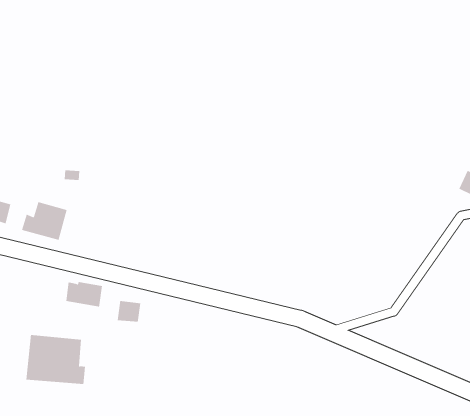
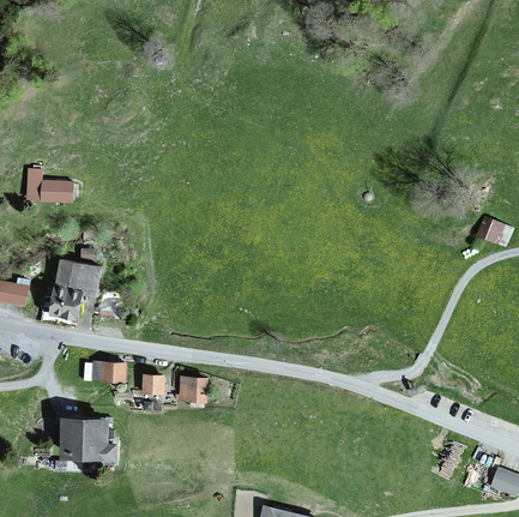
building: none -> [25,170,76,202]
building: none -> [55,257,102,289]
building: none -> [177,374,206,408]

